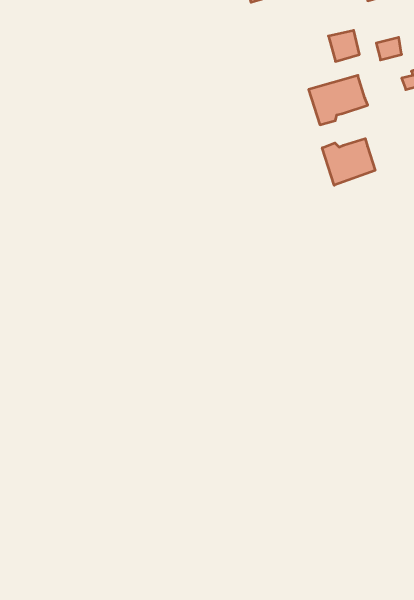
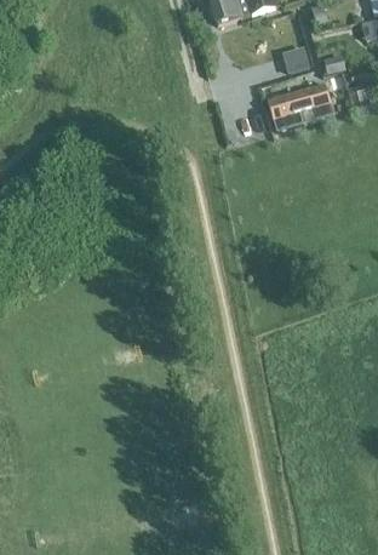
building: [322,139,375,185] -> none

